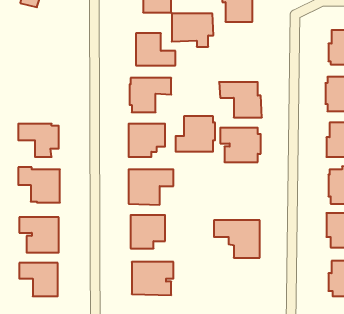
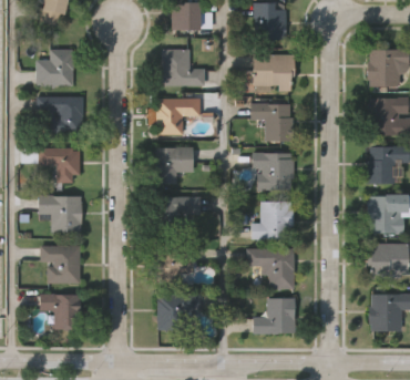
building: [172,14,213,47] -> [253,55,297,91]
building: none -> [33,51,73,86]
building: none -> [35,99,82,135]
building: [176,116,215,152] -> [249,202,291,239]
building: none -> [252,299,296,335]

